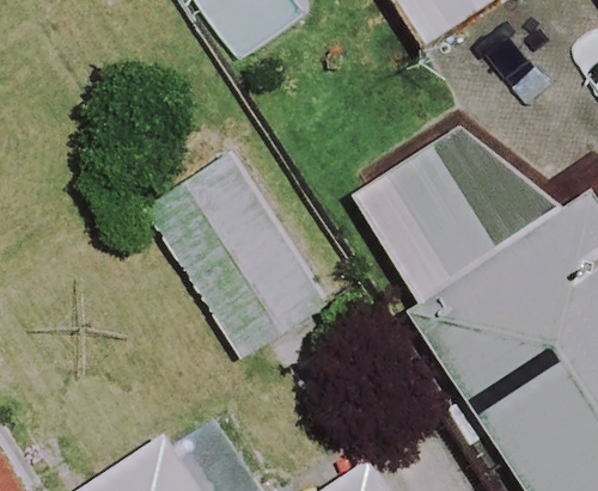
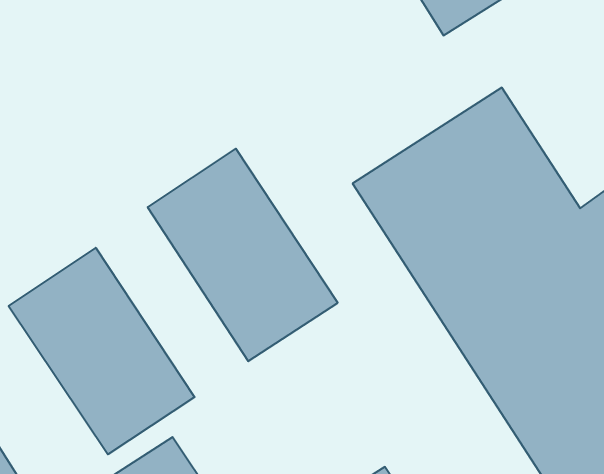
building: none -> [9,248,195,454]

